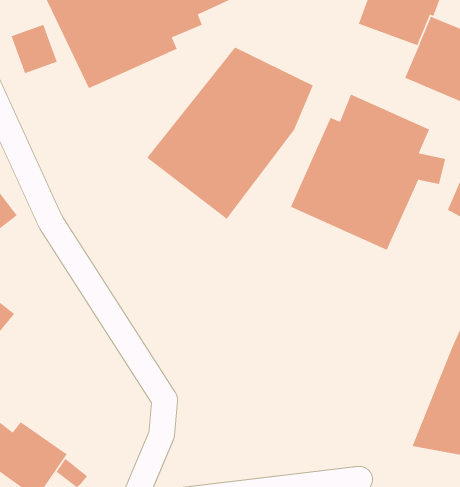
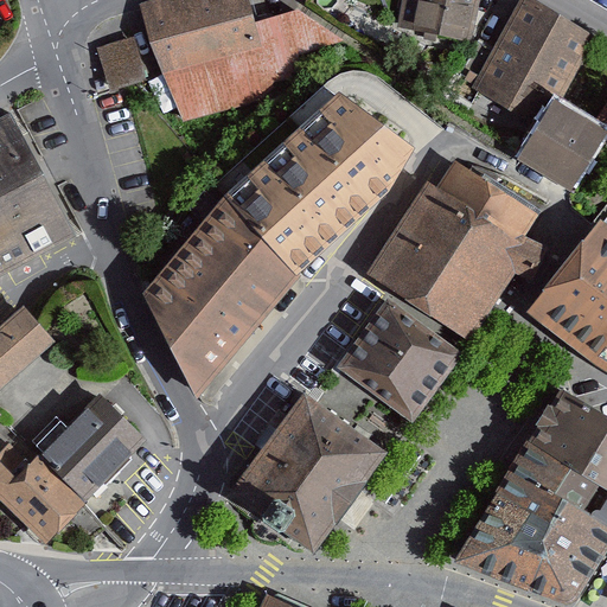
building: none -> [151,196,299,385]
building: none -> [341,302,456,416]
building: none -> [236,398,383,548]
building: none -> [41,395,147,500]

